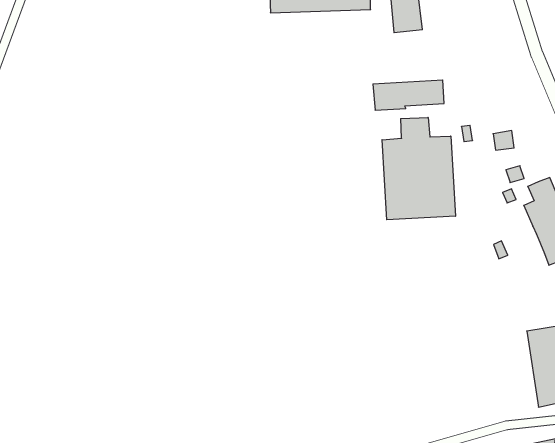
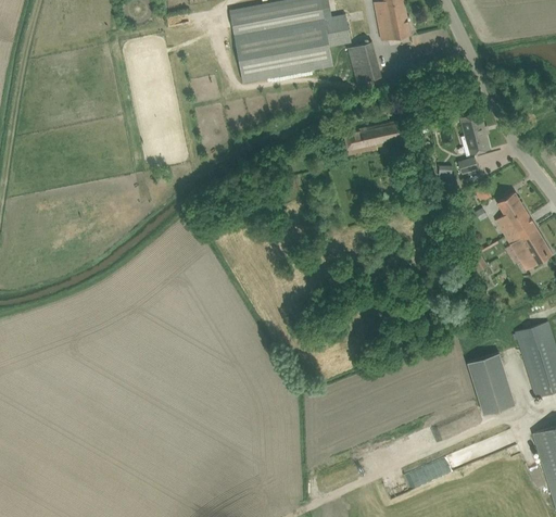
building: none -> [459,112,490,155]
building: [382,117,455,220] -> none
building: none -> [468,353,515,414]

